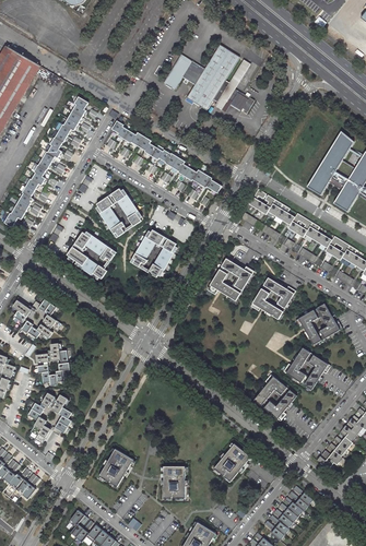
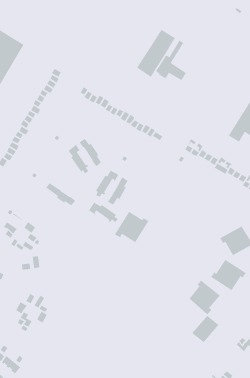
building: [163,55,204,90] -> none
building: [74,232,115,260] -> [88,201,119,223]
building: [206,258,253,300] -> [114,211,150,243]
building: [250,277,295,319] -> none
building: [214,444,251,482] -> [191,315,220,343]
building: [98,449,133,487] -> none
building: [161,466,185,499] -> none

